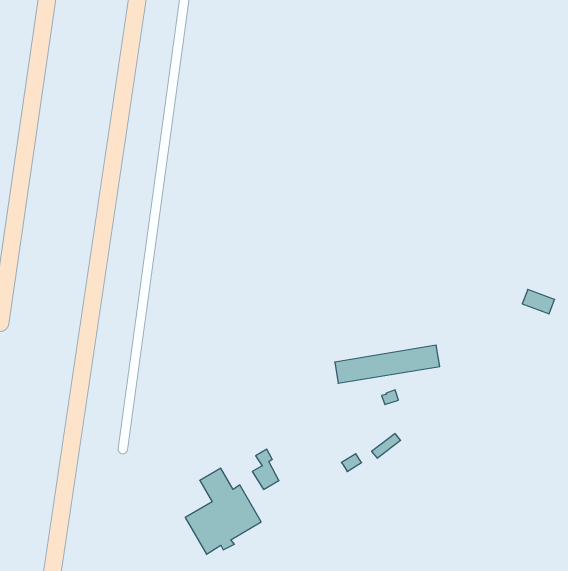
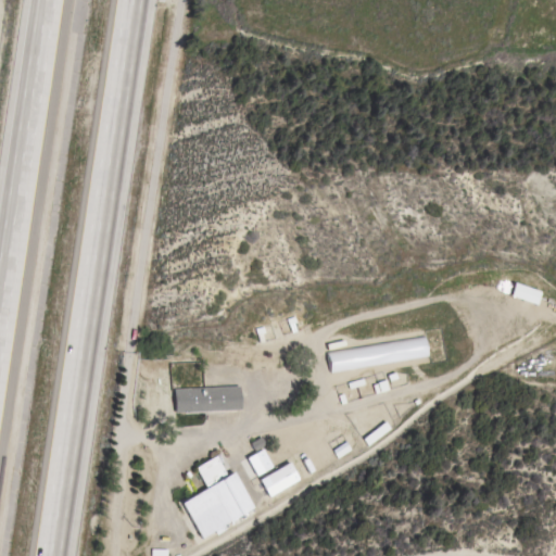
building: none -> [175,386,242,412]
building: none -> [262,463,301,496]

